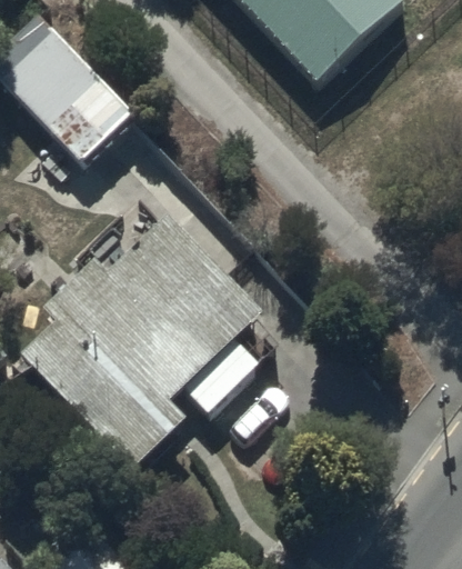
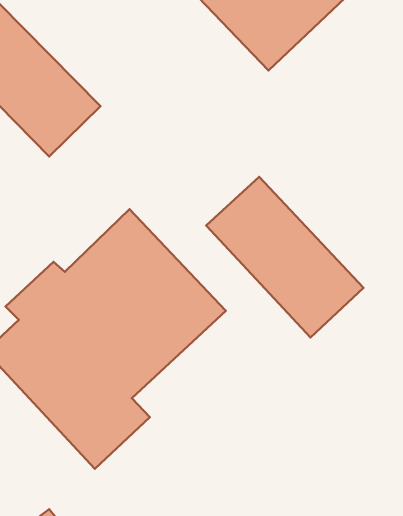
building: none -> [206,177,364,338]

